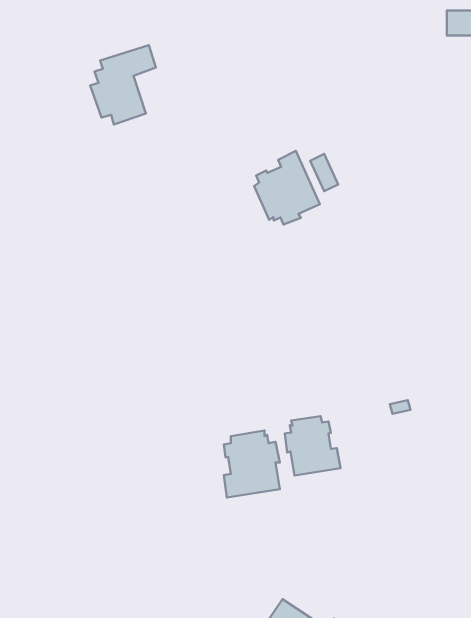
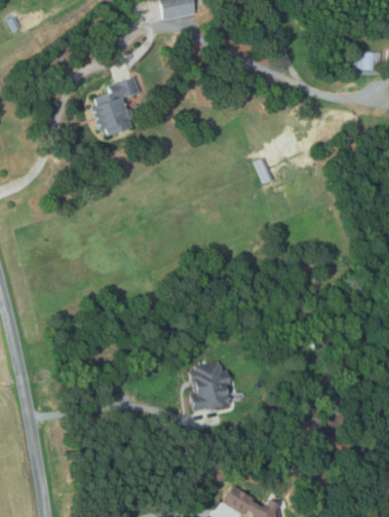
building: [254,151,320,225] -> none
building: [285,416,341,476] -> none

